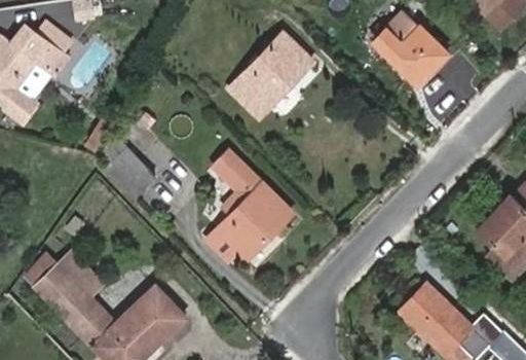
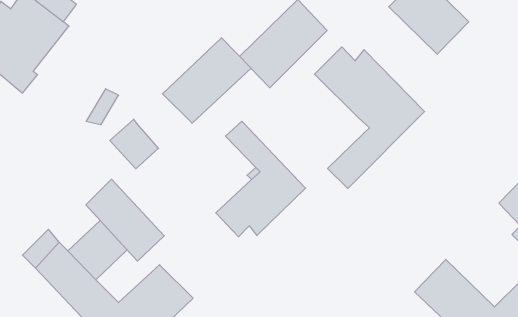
building: none -> [162,38,251,123]
building: none -> [314,47,425,188]
building: none -> [86,179,164,261]

